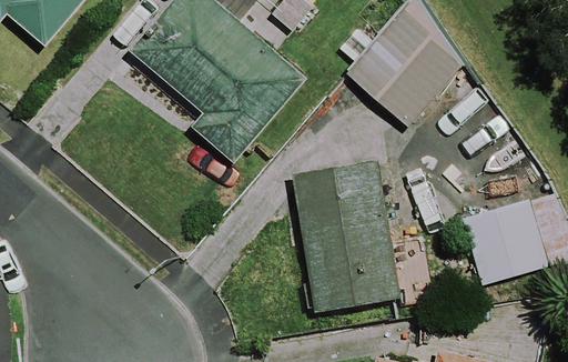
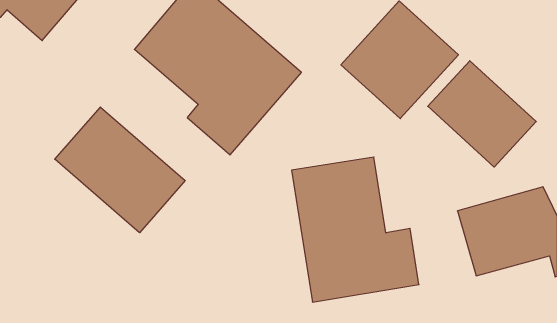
building: none -> [428,61,536,167]
building: none -> [55,107,185,233]

